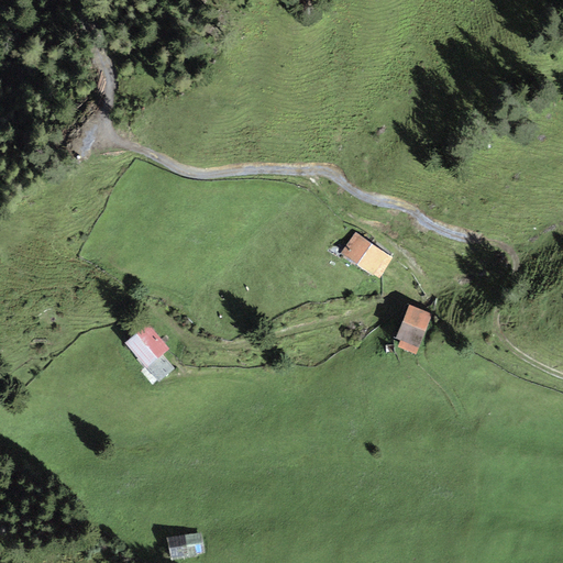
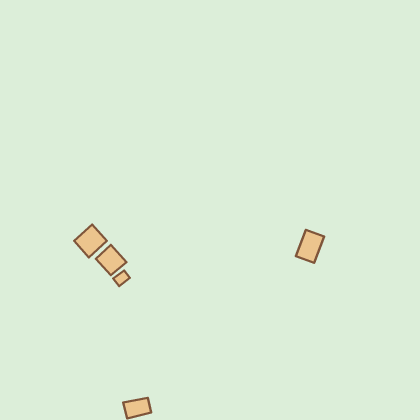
building: [343,233,393,275] -> none
building: none -> [74,224,107,257]

